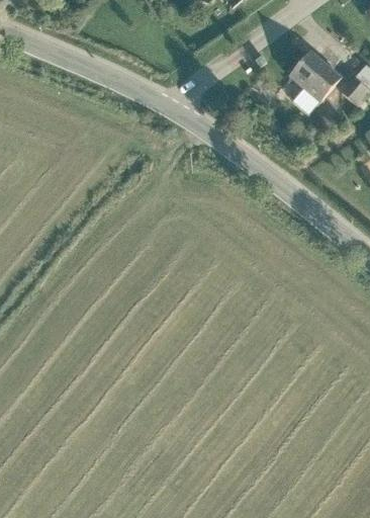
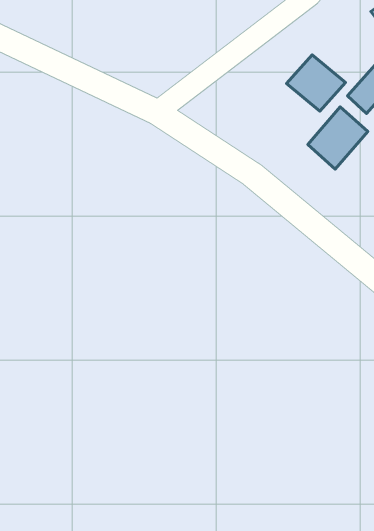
building: none -> [308,107,368,169]

